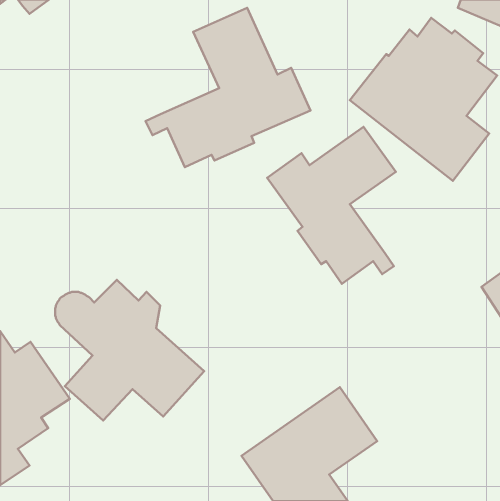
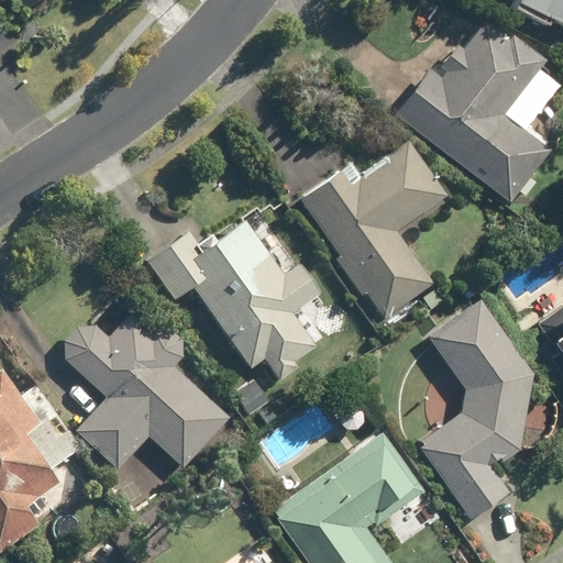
building: [145,8,310,167] -> none
building: none -> [146,220,322,378]
building: none -> [418,300,532,518]

